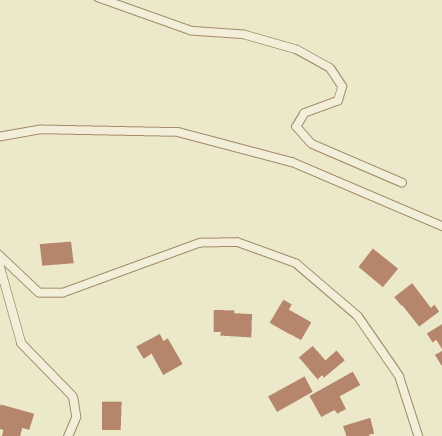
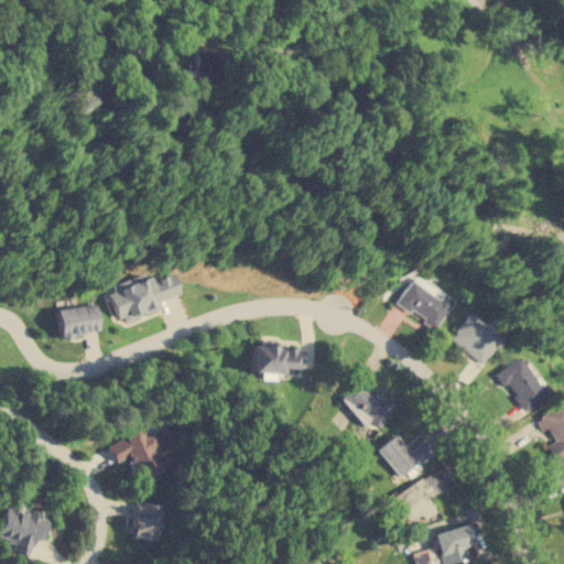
building: none -> [109,273,182,324]
building: none -> [395,275,454,330]
building: [213,309,253,338] -> [251,344,301,379]
building: [135,333,183,376] -> [107,430,166,482]
building: [267,375,313,413] -> none

